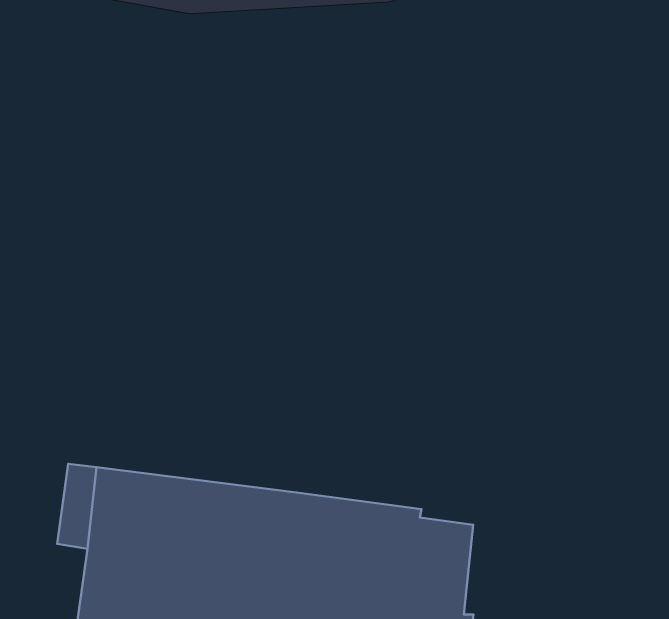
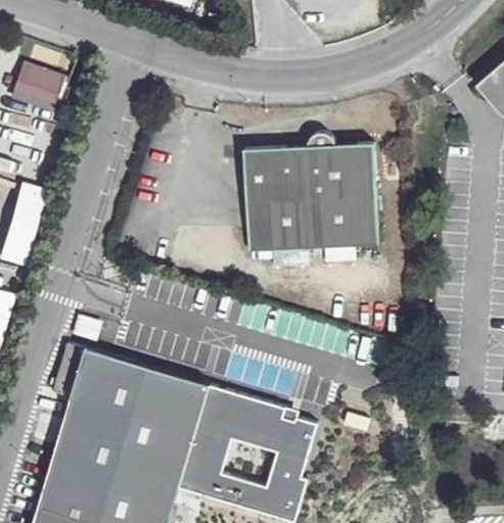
building: none -> [243,133,377,251]

